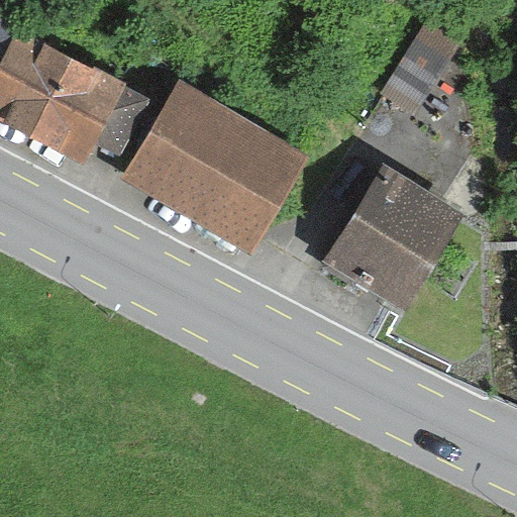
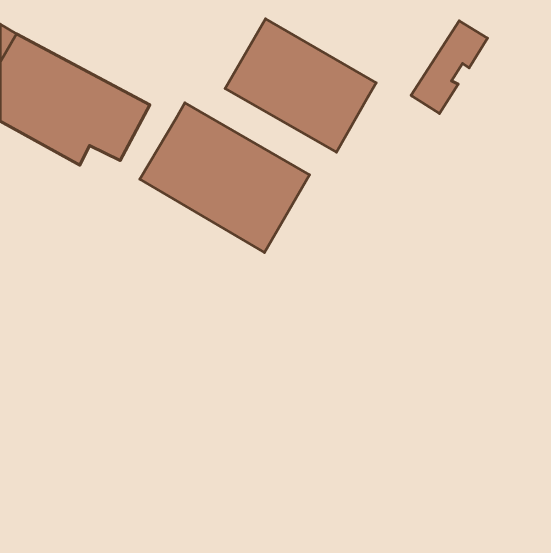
building: none -> [225,19,376,152]
building: [323,172,453,304] -> none

